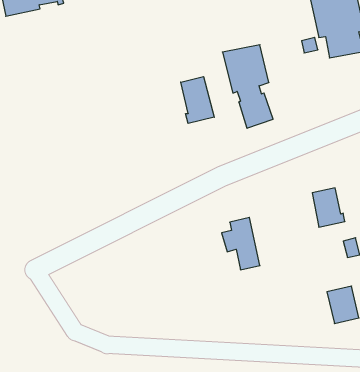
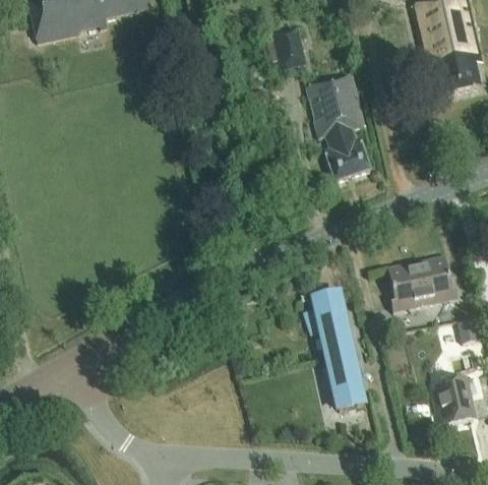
building: none -> [270,25,306,69]
building: [181,77,214,123] -> none
building: none -> [389,260,426,310]
building: none -> [323,351,364,408]

